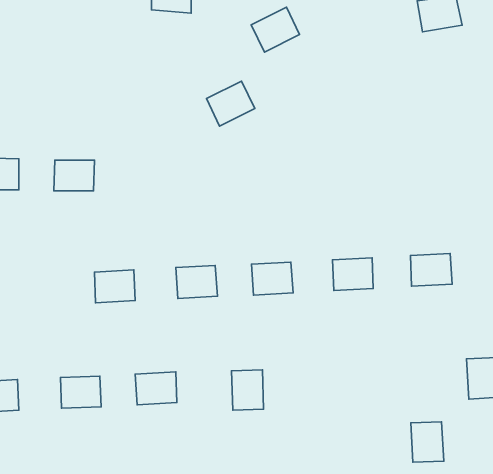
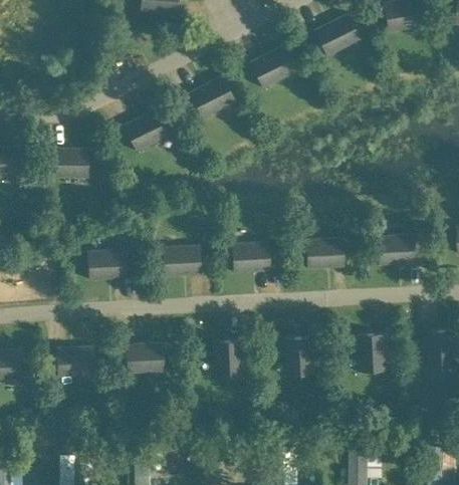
building: [251,7,300,52] -> [252,47,296,88]
building: none -> [316,15,361,56]
building: none -> [126,109,171,152]
building: none -> [285,338,314,376]
building: [411,422,444,462] -> [358,334,388,372]

